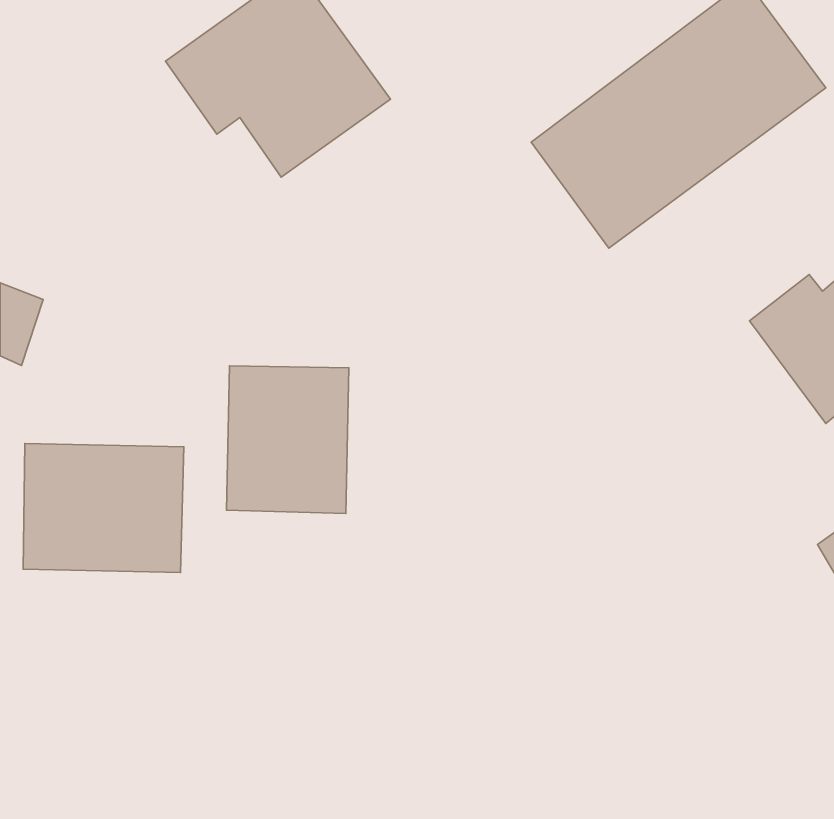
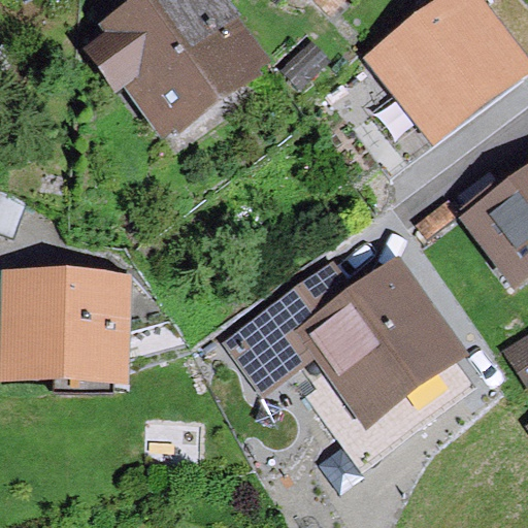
building: [226,366,349,514] -> none
building: none -> [241,266,465,450]

